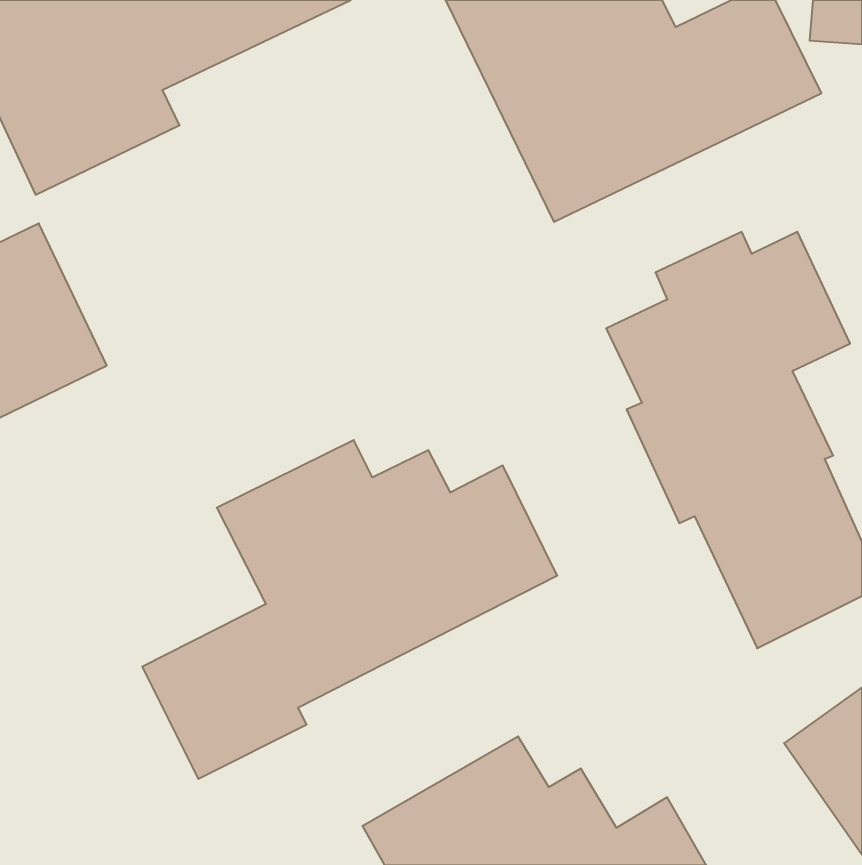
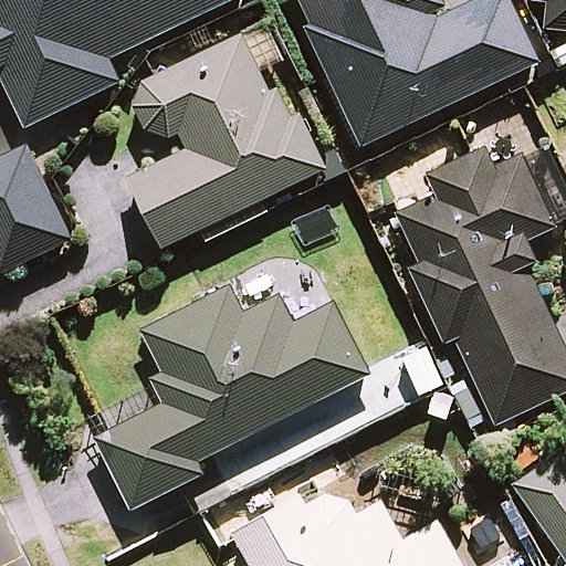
building: none -> [127,25,324,247]

